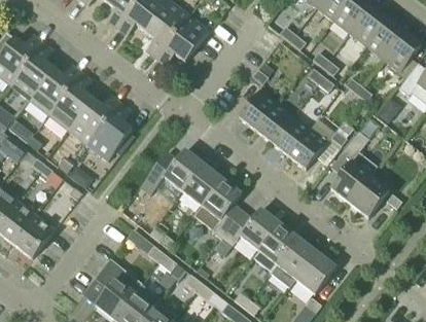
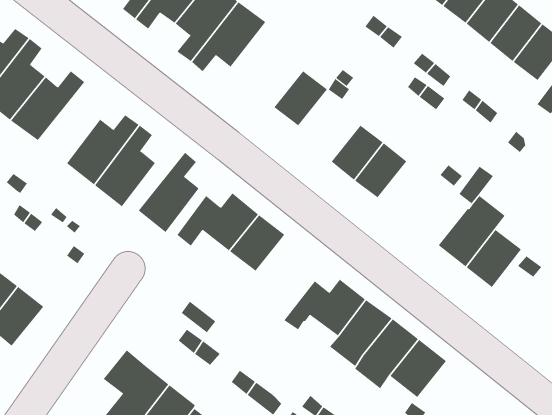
building: [49,73,93,130] -> [138,152,200,233]
building: [237,90,275,129] -> [273,71,328,126]
building: [287,129,325,168] -> none
building: [193,180,243,240] -> none

